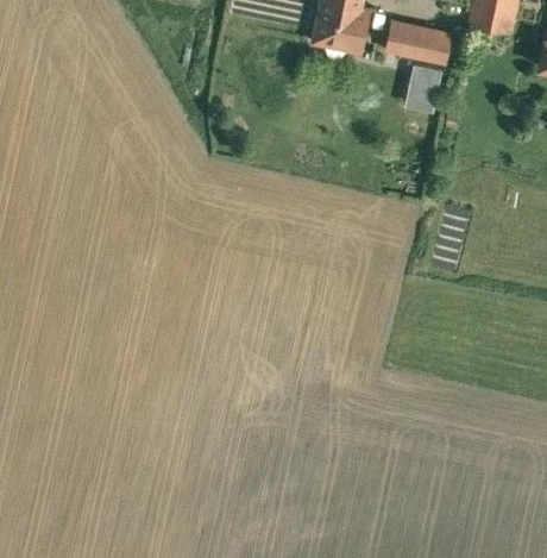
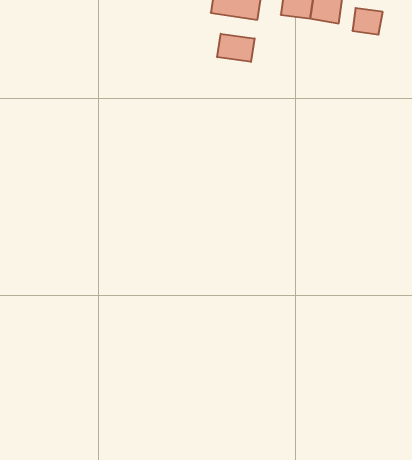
building: [408,67,441,96] -> [352,8,383,35]
building: none -> [217,34,255,62]

